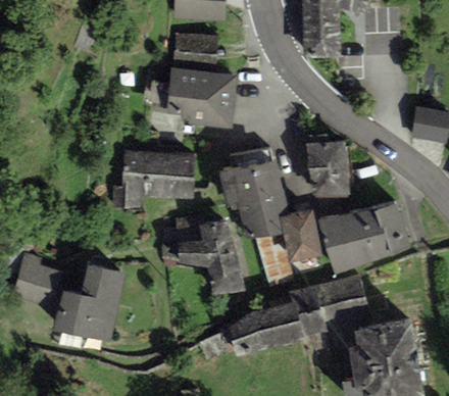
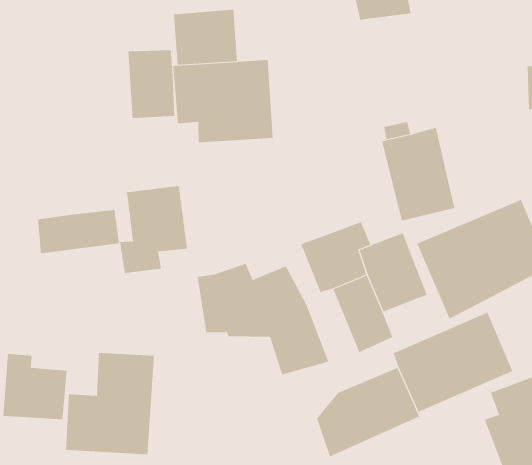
building: none -> [128,49,175,119]
building: [220,148,284,209] -> none
building: [160,152,194,198] -> none
building: none -> [38,209,119,254]

